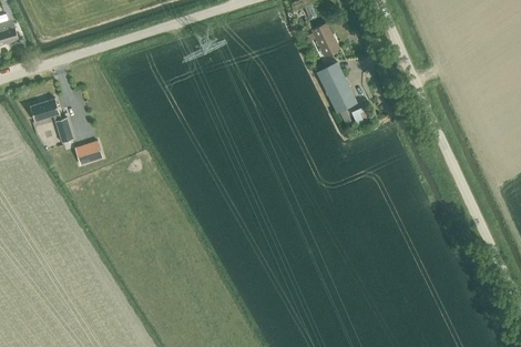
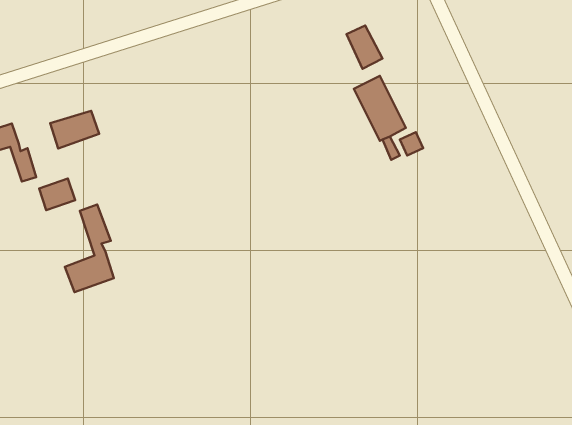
building: none -> [50,111,99,149]
building: none -> [65,204,114,292]

